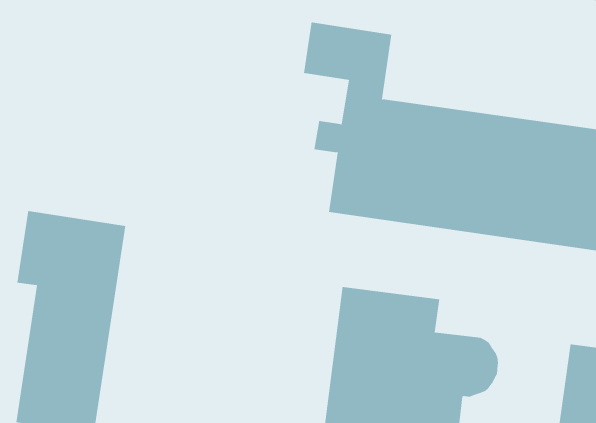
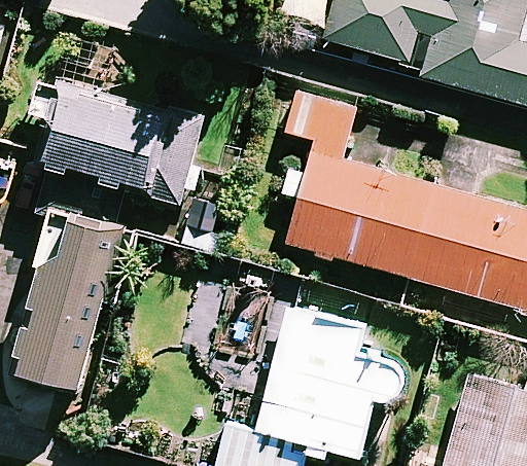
building: none -> [40,88,205,204]

